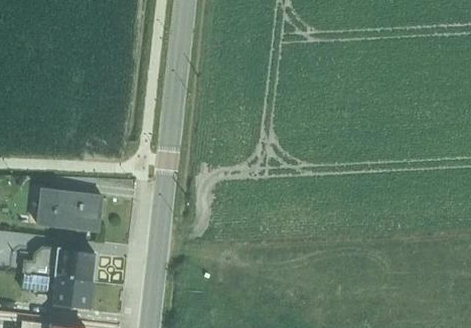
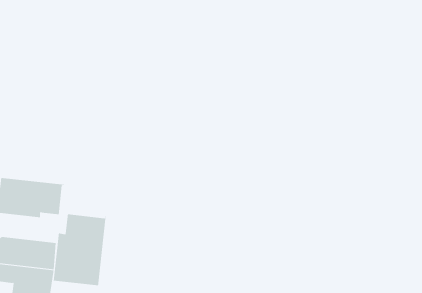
building: none -> [53,213,106,286]

